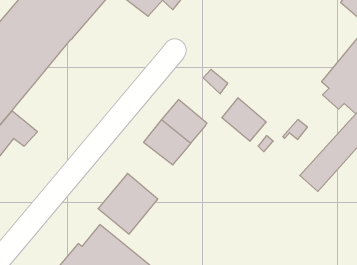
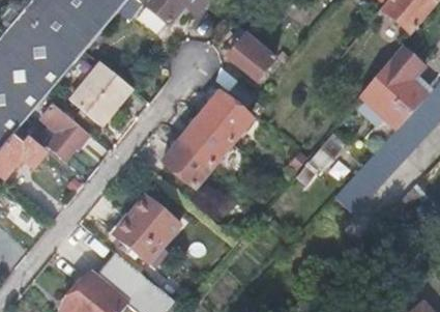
building: none -> [228,33,275,81]
building: none -> [68,59,134,125]
building: none -> [33,97,90,159]
building: [222,98,266,141] -> [202,93,251,141]

